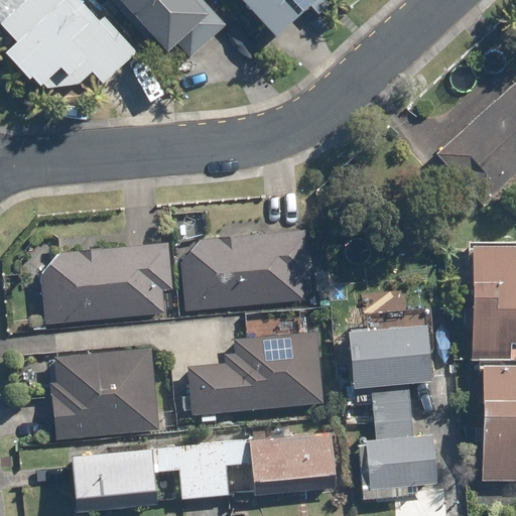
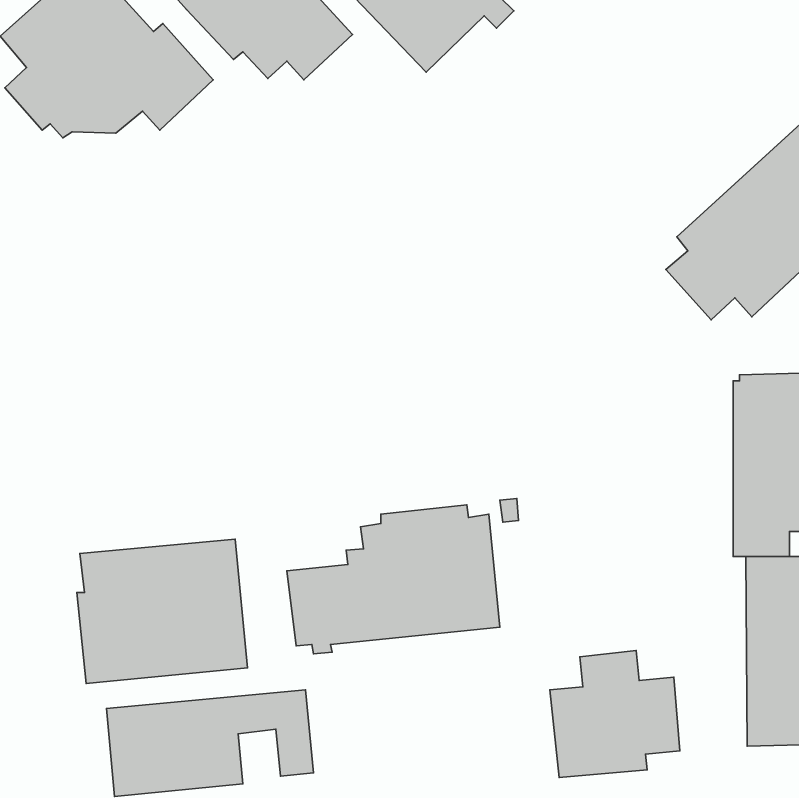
building: [181,230,311,309] -> none
building: [34,241,174,329] -> none
building: [345,310,431,422] -> none
building: [198,431,334,497] -> none

